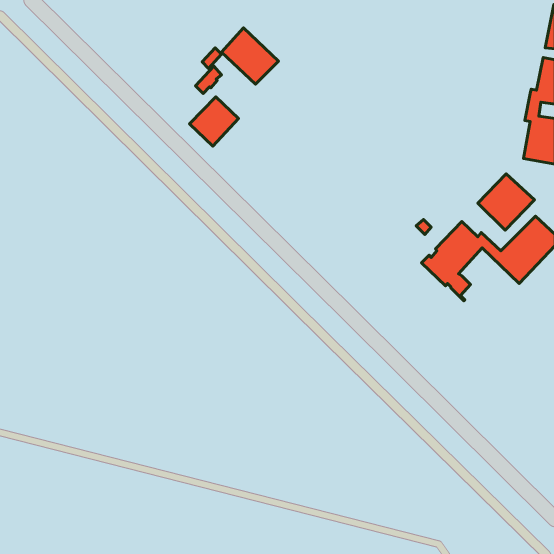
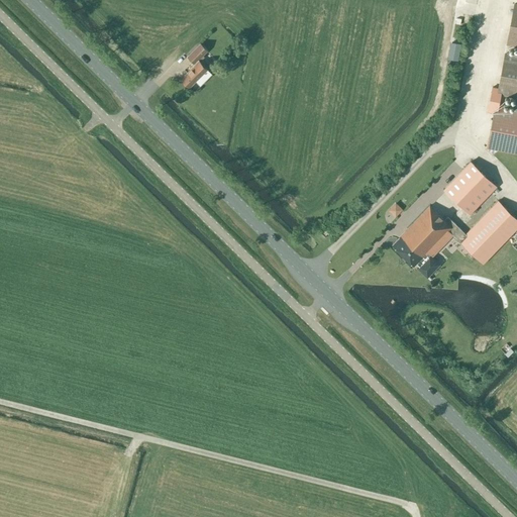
building: [222,28,279,84] -> none
building: [189,97,238,146] -> none

